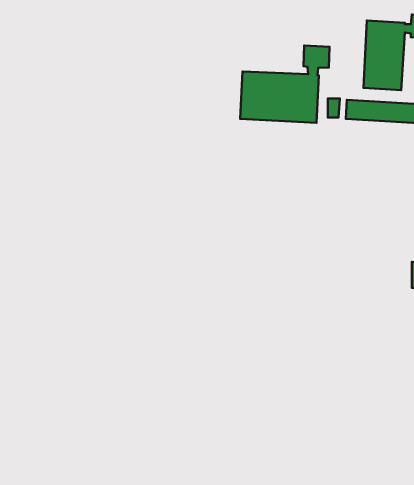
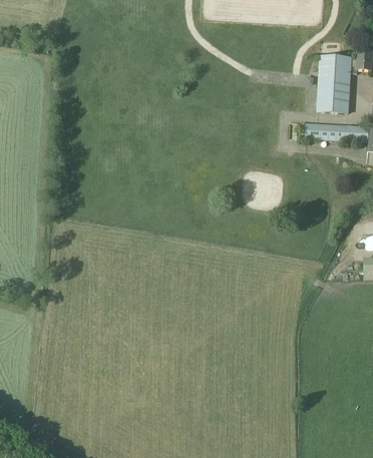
building: [240,46,330,123] -> none

